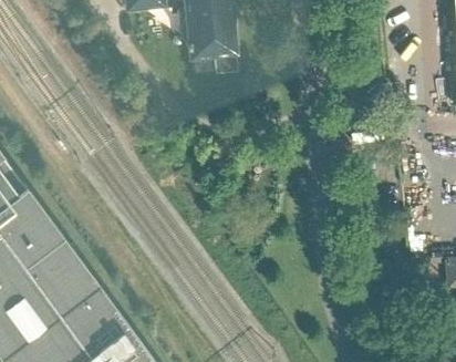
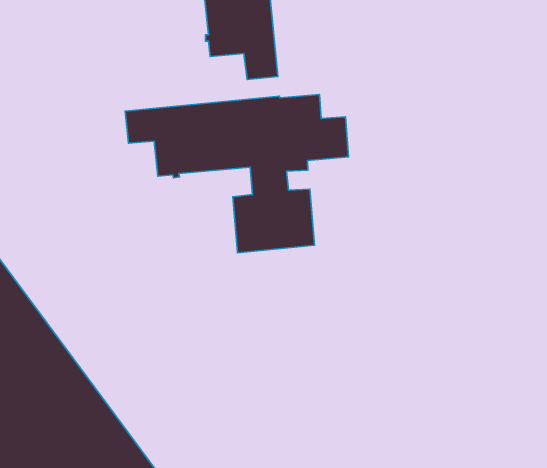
building: none -> [125,95,348,253]

